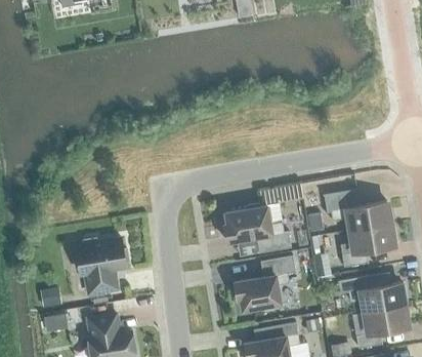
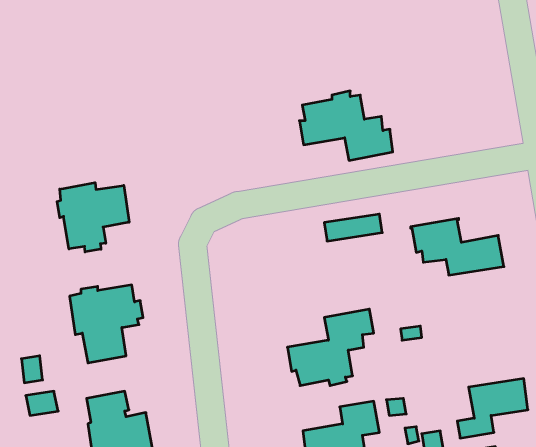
building: none -> [57,183,129,252]
building: [223,203,291,253] -> [299,91,393,160]
building: [340,224,397,267] -> none
building: [339,275,407,311] -> none

